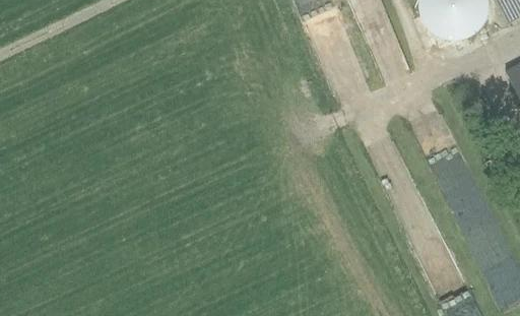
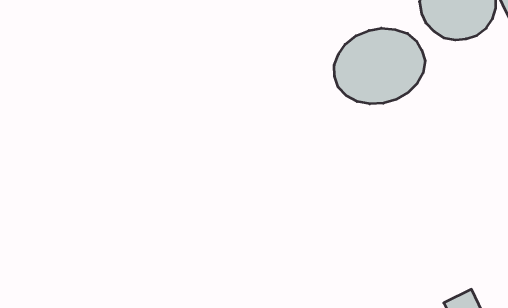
building: none -> [334,28,425,104]

